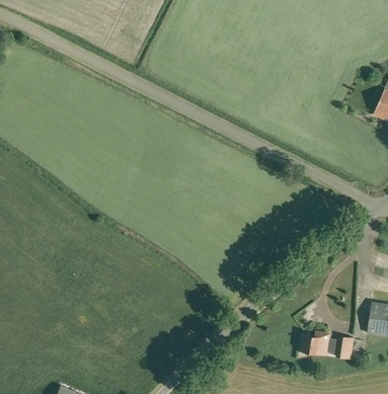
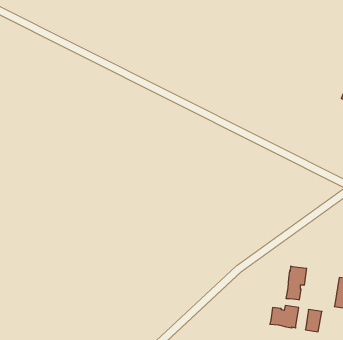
building: none -> [286,266,307,300]

